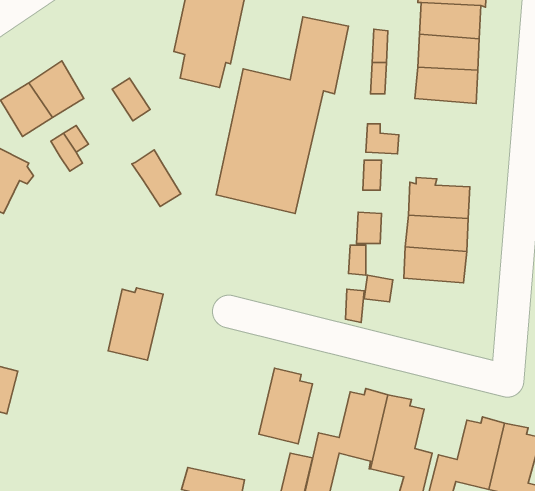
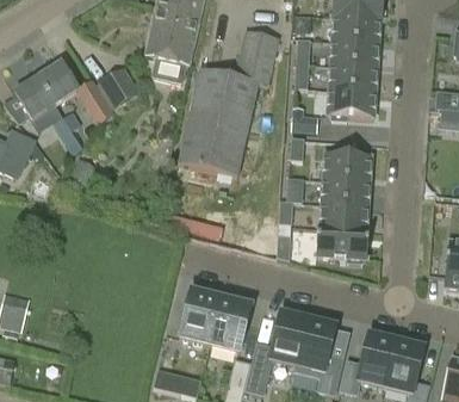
building: none -> [327,91,374,120]
building: [132,150,181,207] -> [75,81,112,124]
building: none -> [315,227,367,264]
building: [108,288,163,360] -> [180,290,222,345]

